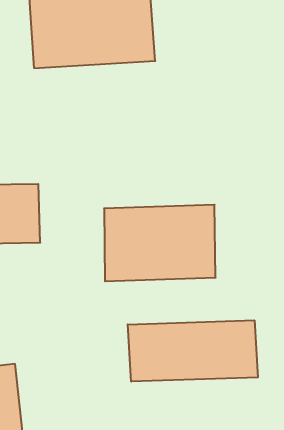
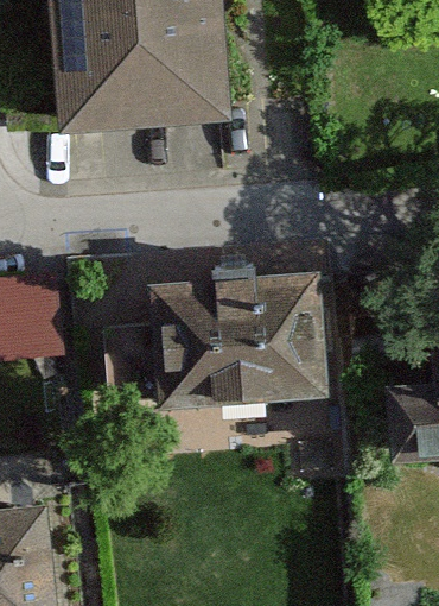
building: [128,320,258,382] -> none

